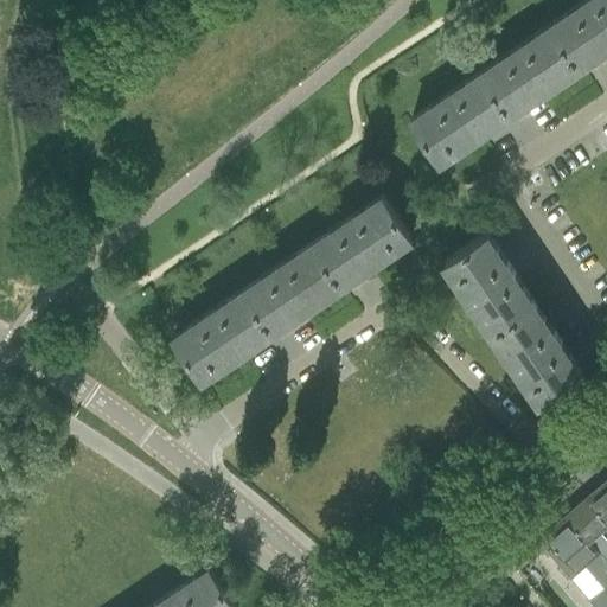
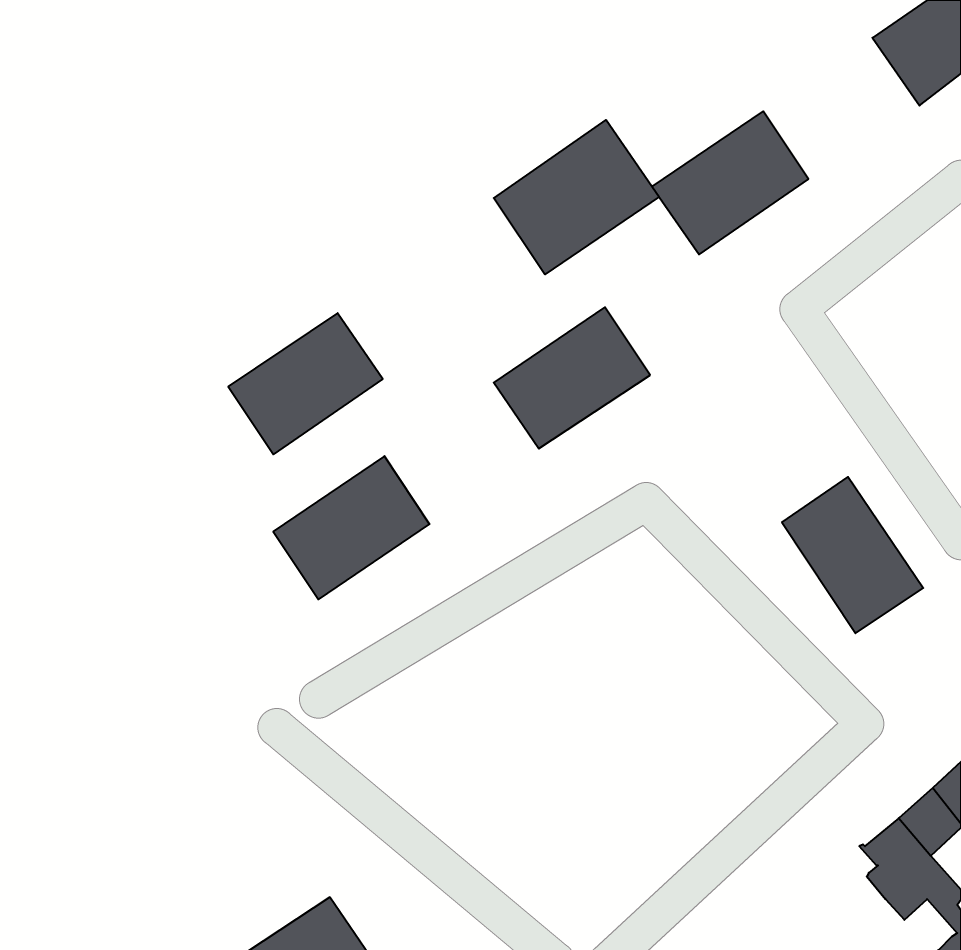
building: [480,32,579,121] -> none
building: none -> [494,120,659,274]
building: [445,238,533,337] -> none
building: [242,249,339,338] -> [228,313,383,454]

